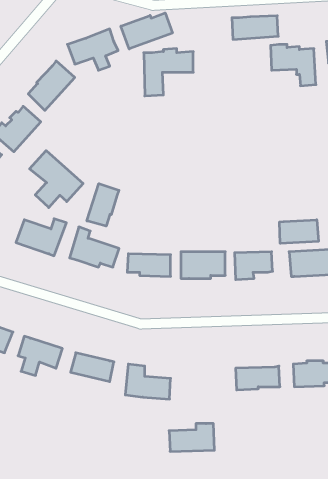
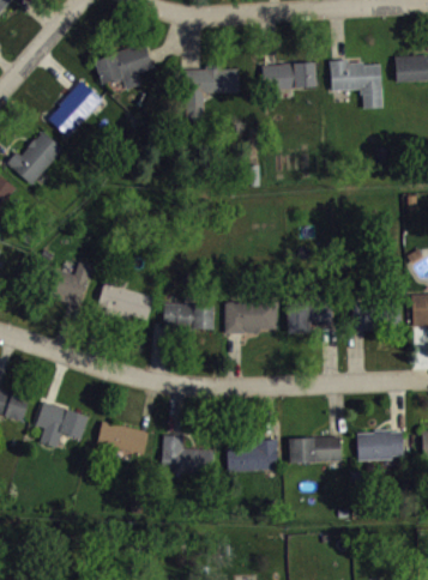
building: [121,13,172,49] -> none
building: [232,16,278,39] -> [261,64,315,91]
building: [30,151,83,208] -> none
building: [87,184,119,226] -> none
building: [280,220,318,243] -> none
building: [169,424,214,451] -> [225,437,278,470]

